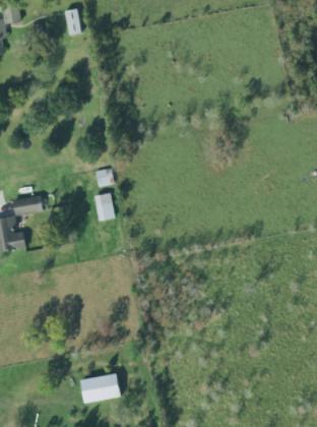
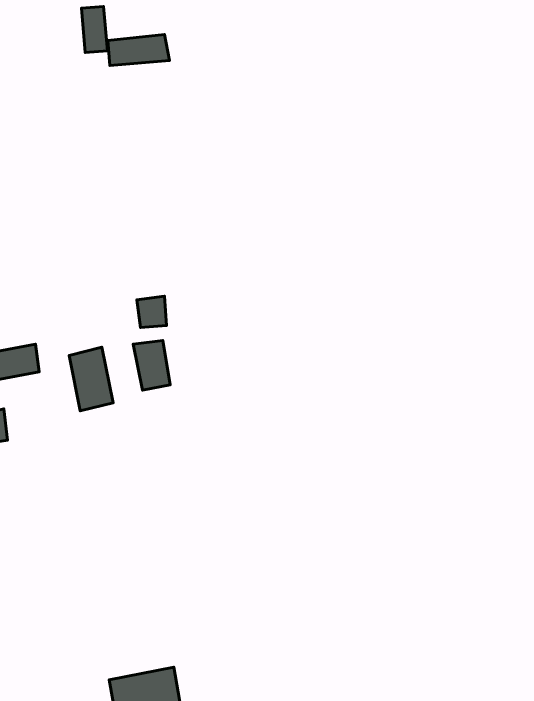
building: none -> [108,34,170,65]
building: none -> [69,347,113,411]

